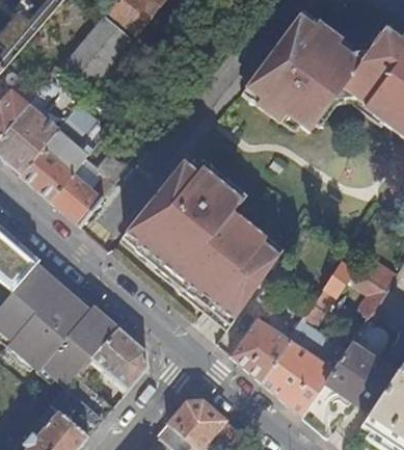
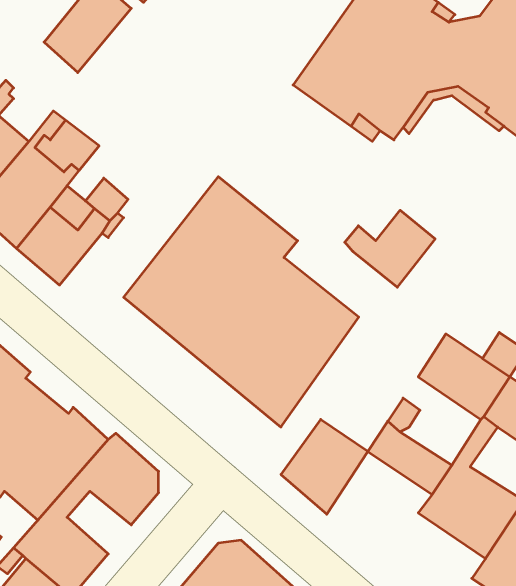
building: none -> [345,210,435,287]
building: [261,340,332,417] -> none

